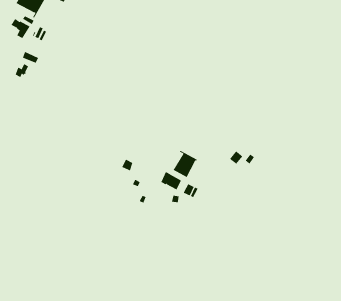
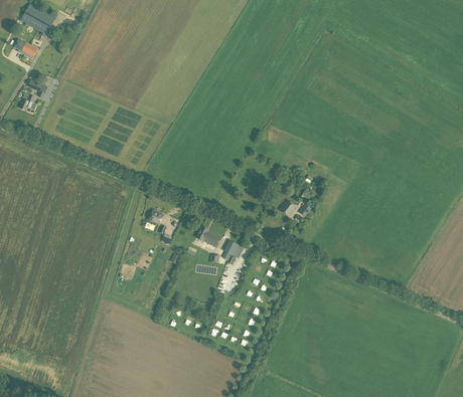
building: [173,150,198,178] -> none

